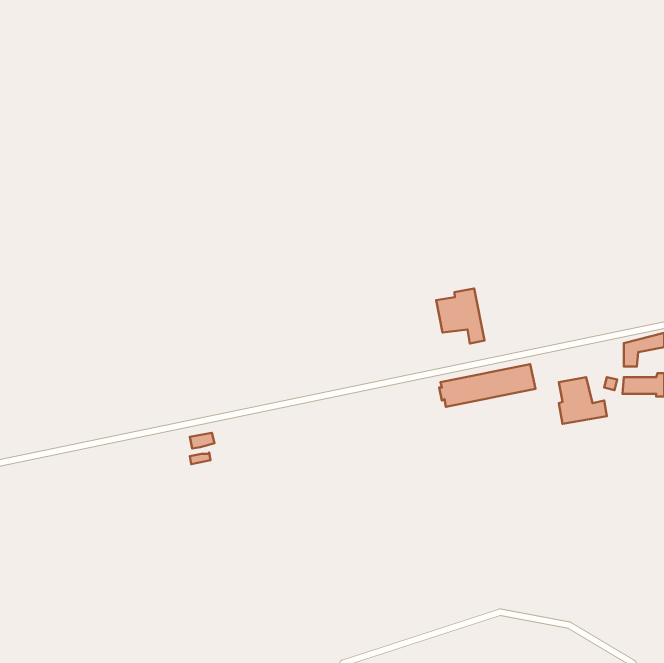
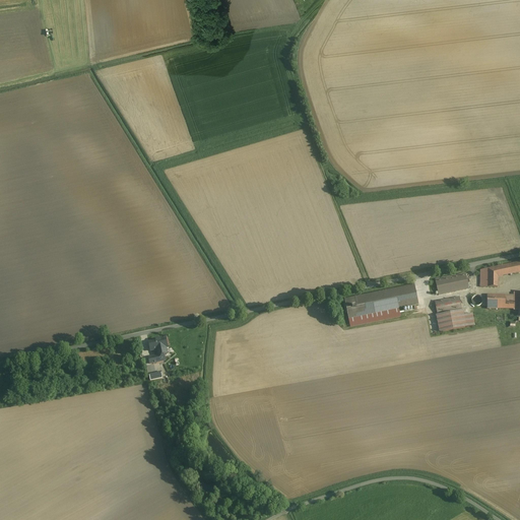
building: [436,289,485,344] -> none
building: none -> [435,272,469,295]

